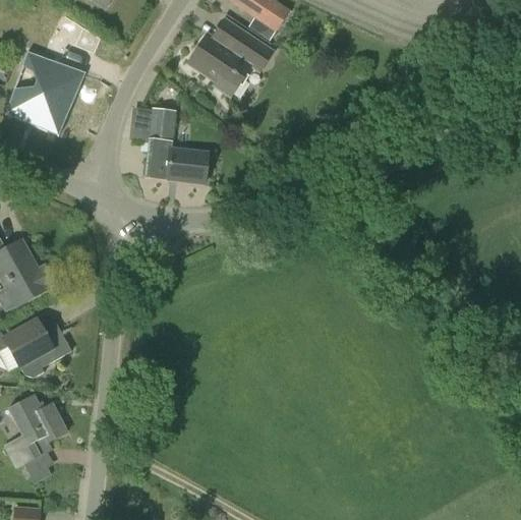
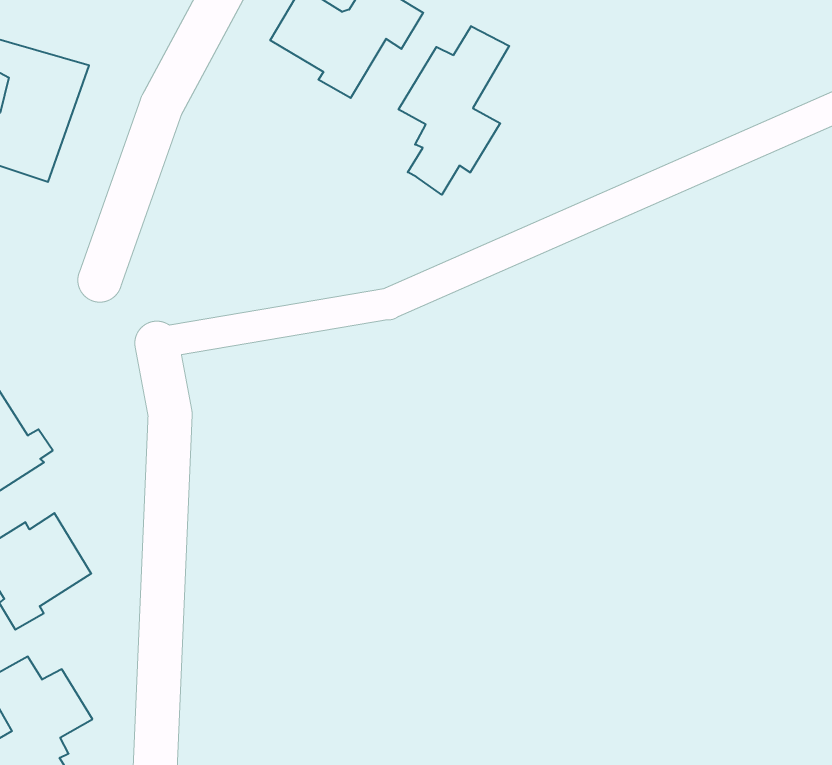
building: none -> [399,26,509,195]
building: [135,107,207,185] -> none

